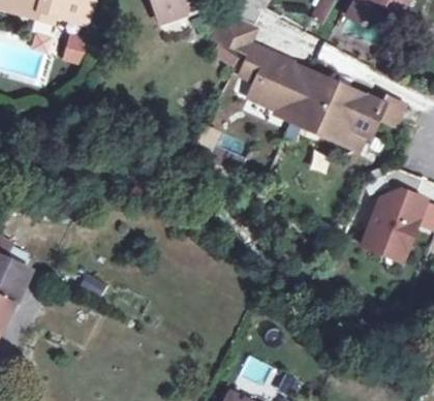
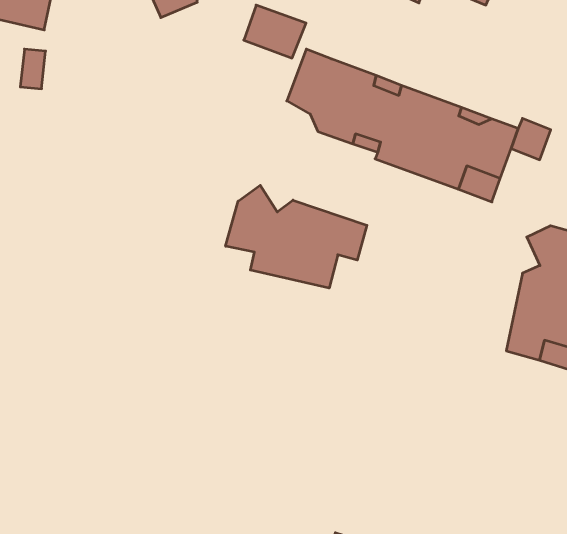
building: none -> [226,185,367,288]

